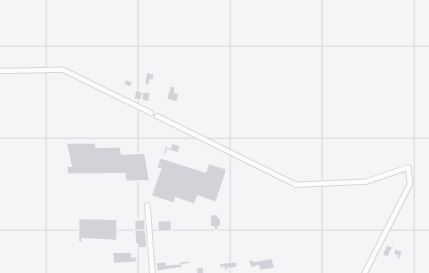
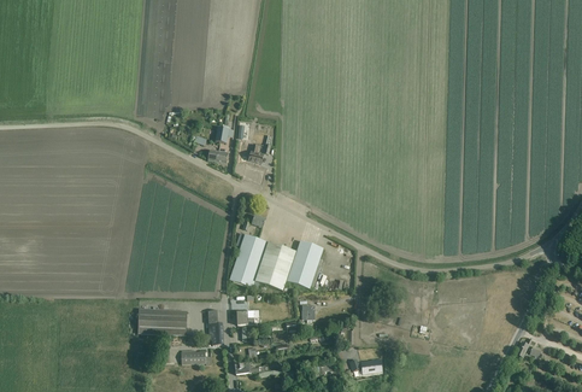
building: [67,143,149,181] -> none

